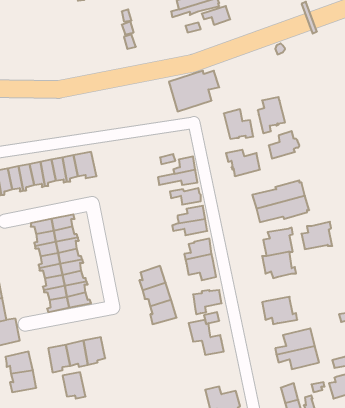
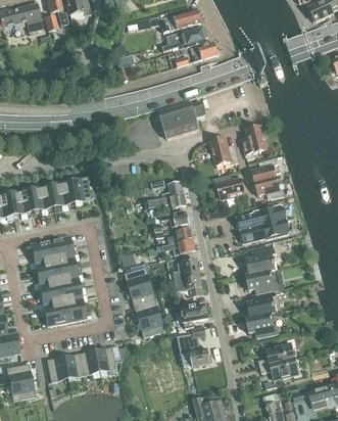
building: none -> [254,177,283,199]
building: [301,222,332,249] -> [246,290,275,316]
building: none -> [124,267,150,289]
building: [63,372,86,399] -> [95,346,116,371]

